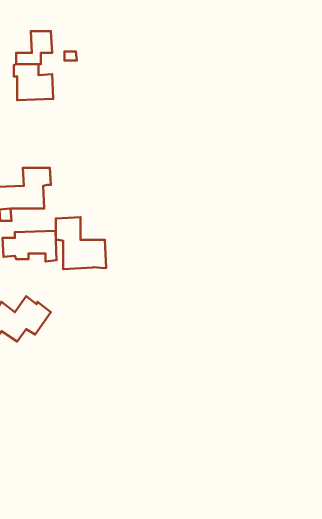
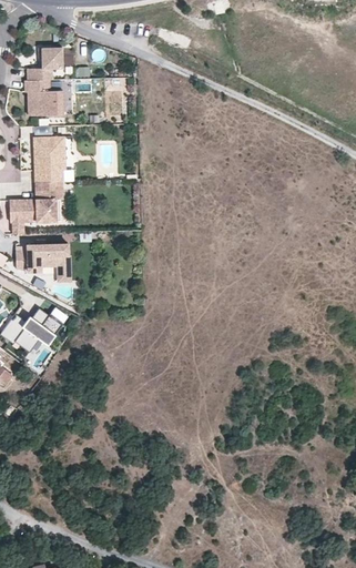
building: none -> [33,136,64,182]
building: [56,217,106,269] -> none

